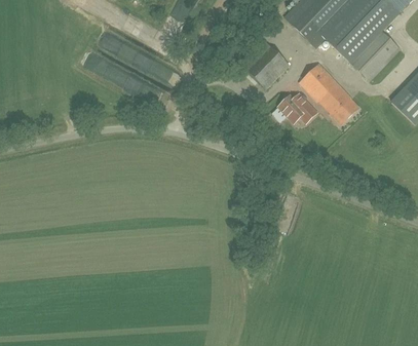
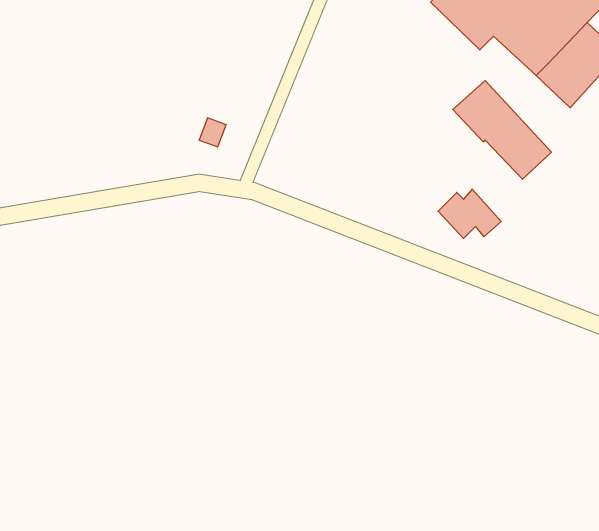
building: [238,38,290,88] -> none
building: [278,92,316,122] -> [438,189,501,238]

